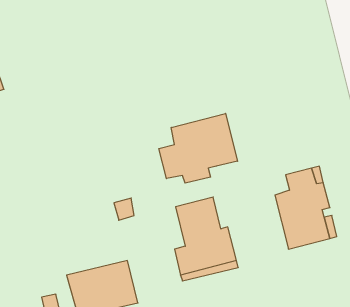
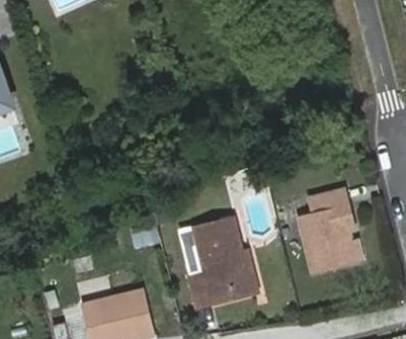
building: [159,113,238,183] -> none

